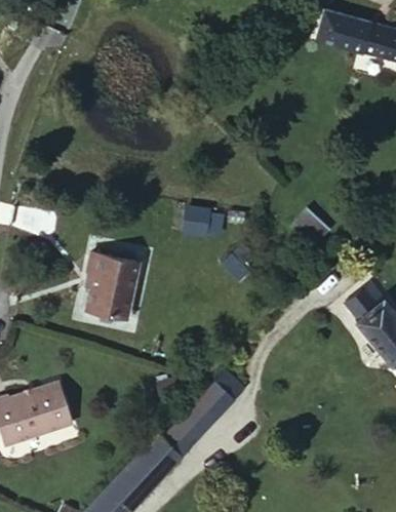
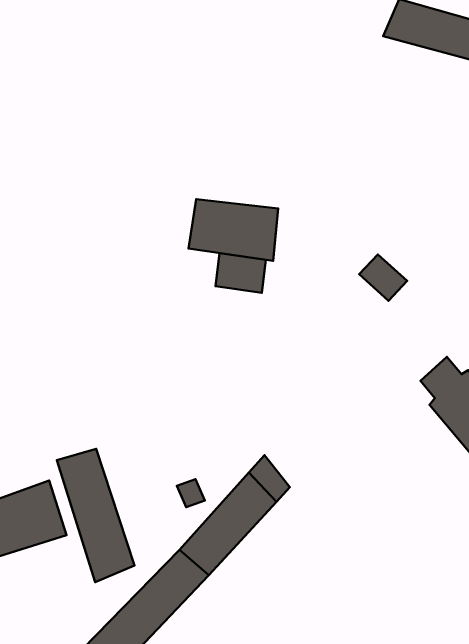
building: none -> [189,199,278,261]
building: [84,255,136,321] -> none
building: none -> [57,449,135,582]

